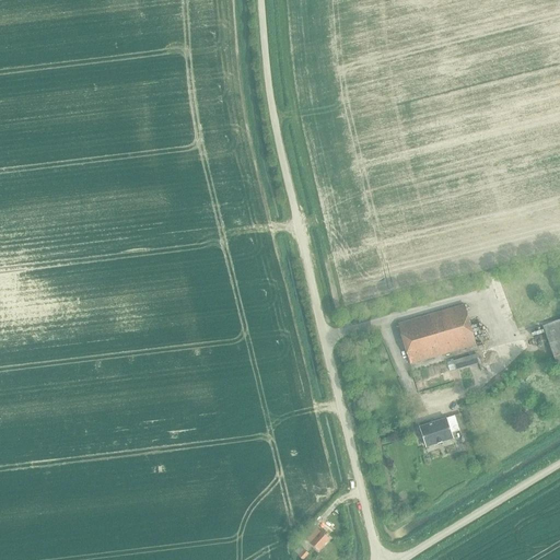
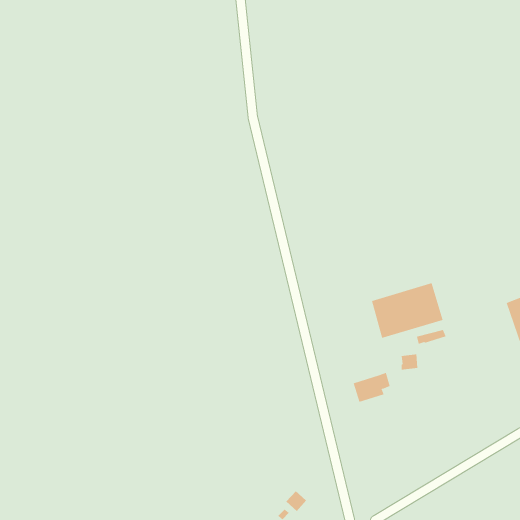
building: [420,413,460,446] -> [353,372,391,403]

